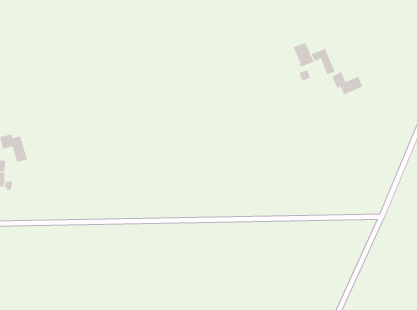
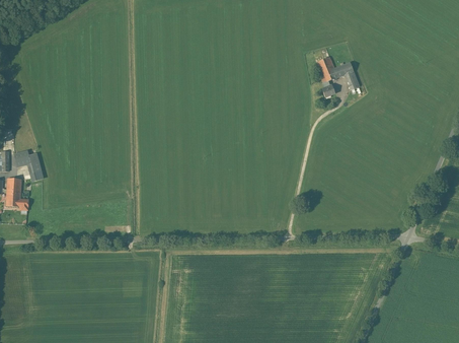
building: [331,71,363,95] -> none

